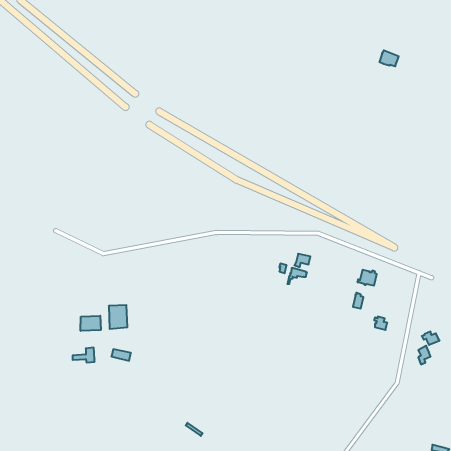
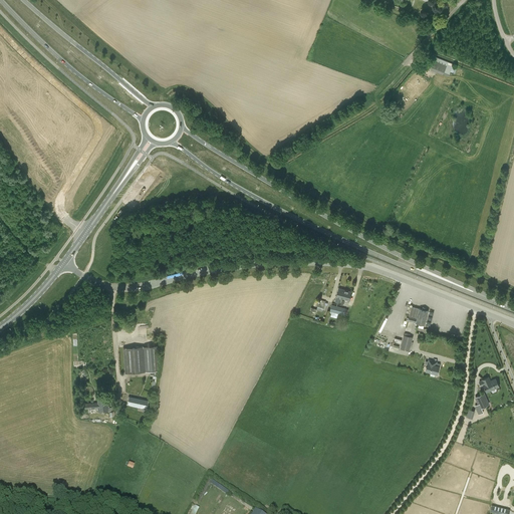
building: [81,316,101,331] -> none

